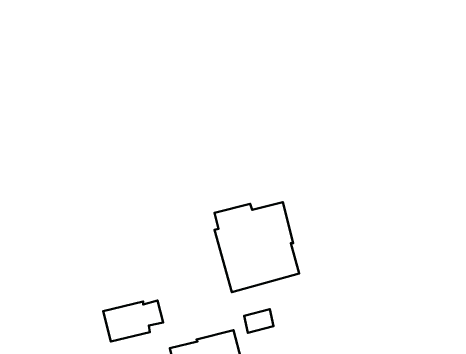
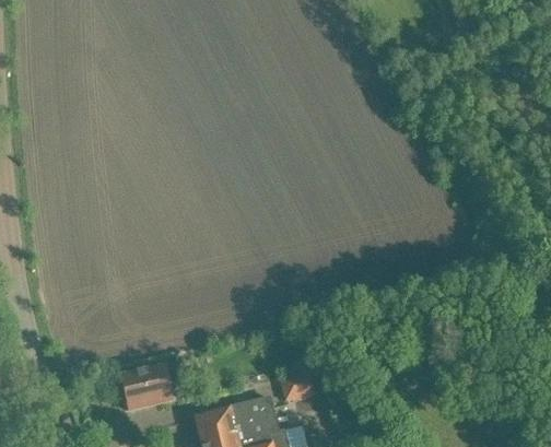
building: [215,202,299,292] -> none

